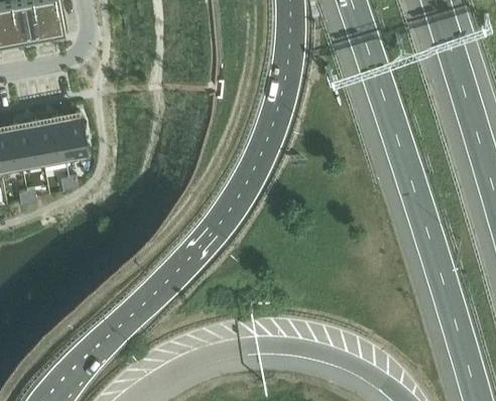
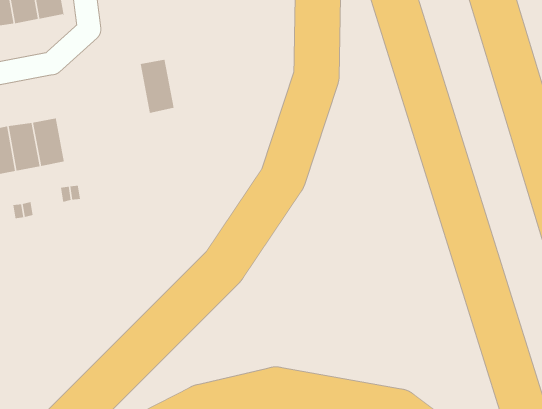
building: [57,118,88,165] -> [140,59,175,114]

